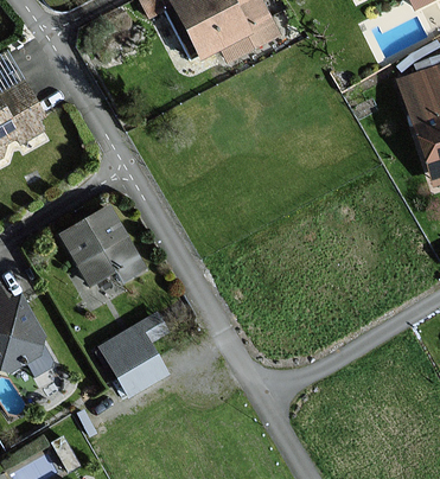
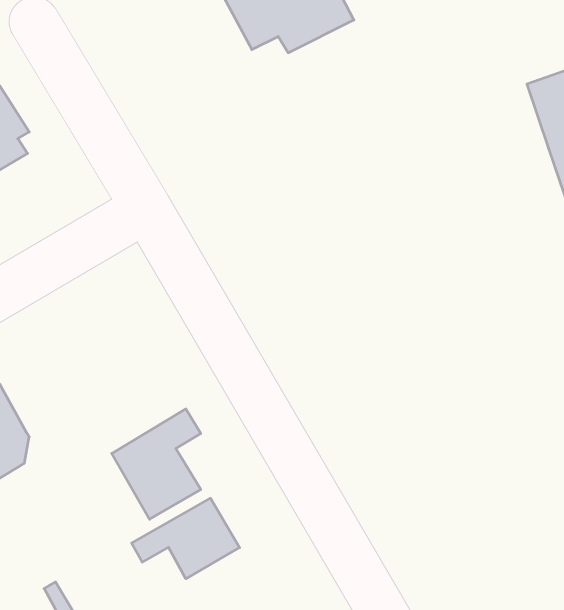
building: [63,207,144,283] -> none
building: none -> [132,498,240,579]

